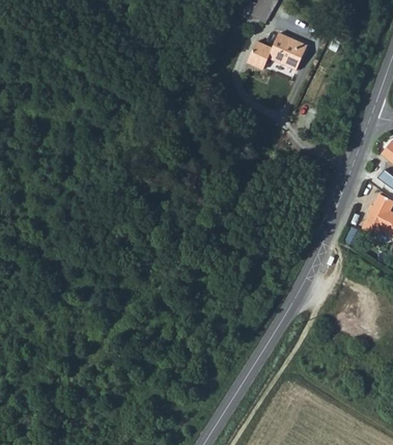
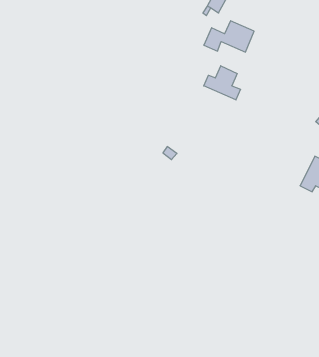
building: none -> [204,66,241,100]

